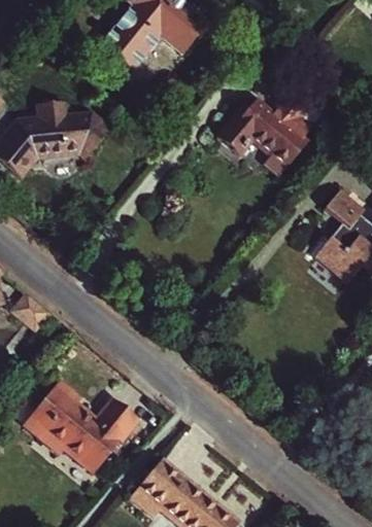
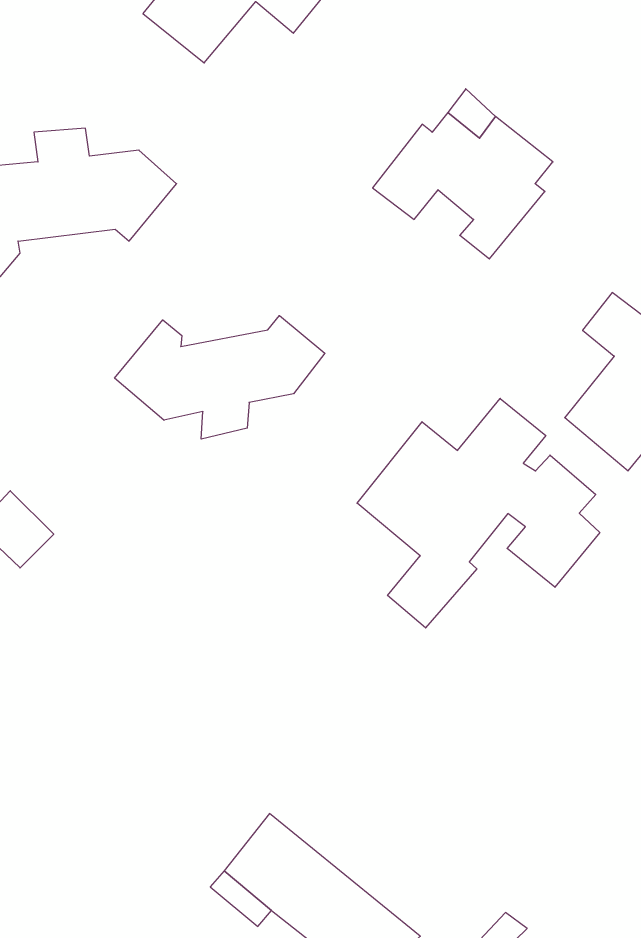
building: none -> [115,316,325,439]
building: none -> [357,398,600,628]
building: [28,384,142,473] -> none

